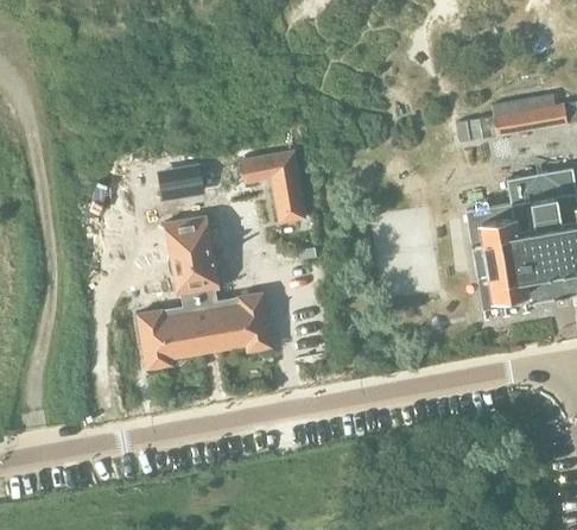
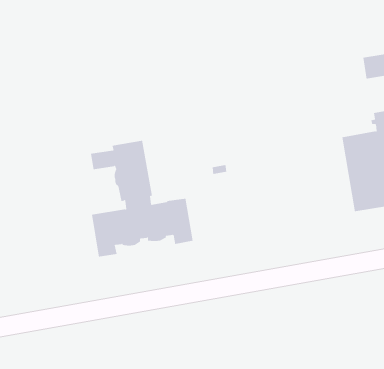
building: [232,150,307,223] -> none
building: [161,168,203,197] -> none

